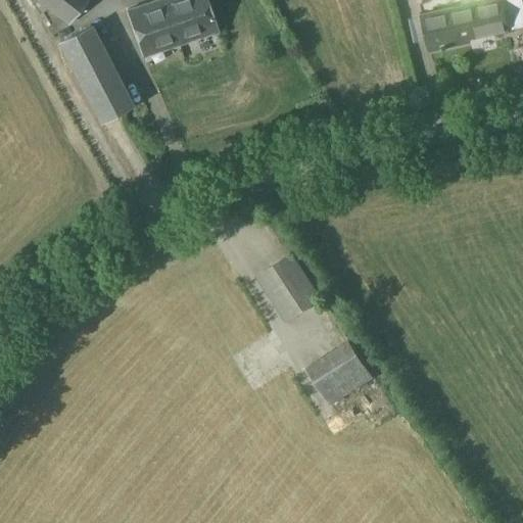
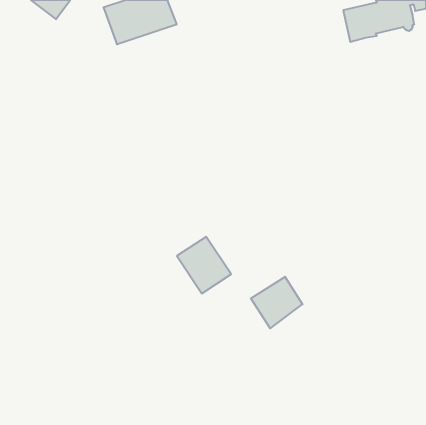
building: [59,26,132,121] -> none
building: [255,252,322,322] -> [177,237,231,293]

